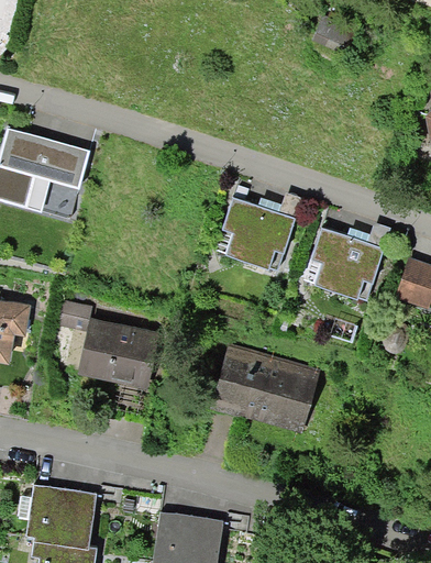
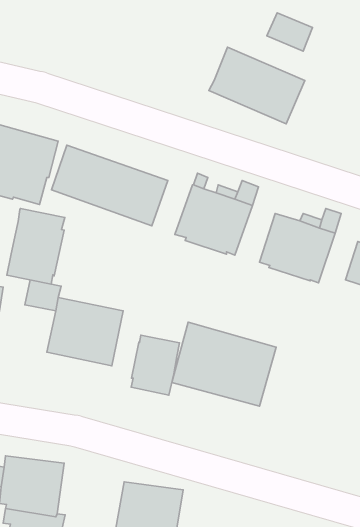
building: none -> [209,47,305,124]
building: none -> [51,145,168,226]
building: none -> [7,209,65,284]
building: none -> [131,335,179,395]

